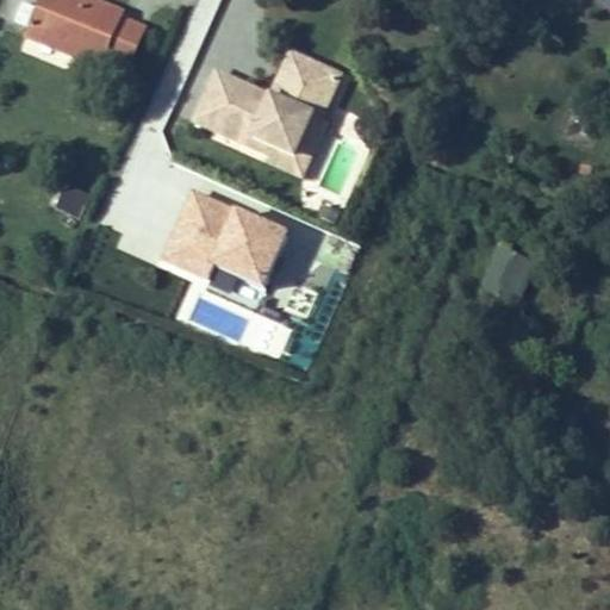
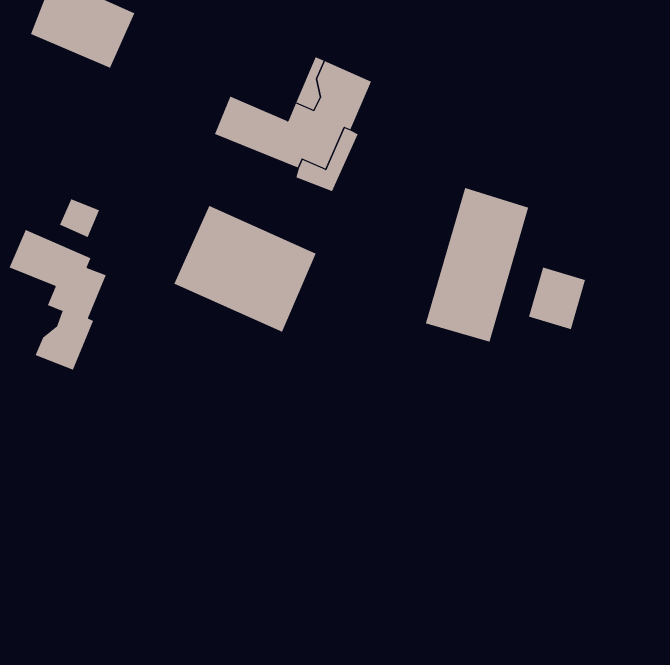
building: none -> [425,187,529,342]
building: none -> [9,229,106,370]

